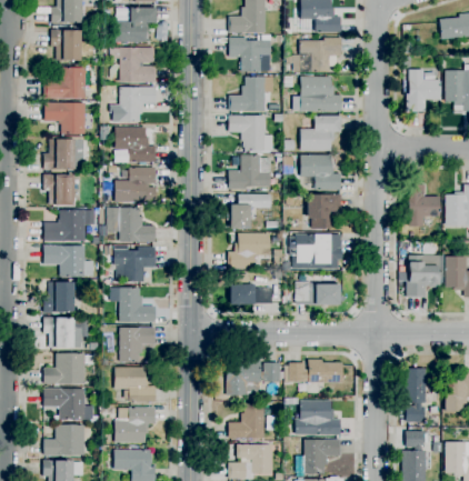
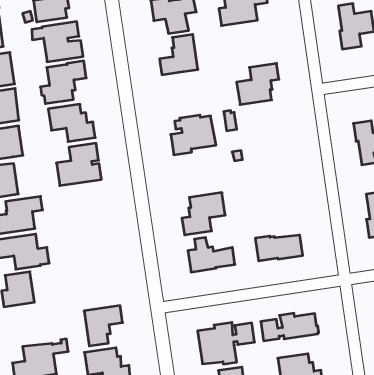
building: [292,77,341,112] -> none
building: [229,116,273,151] -> none
building: [300,156,341,190] -> none
building: [230,194,271,229] -> none
building: [307,194,341,230] -> none
building: [120,208,156,242] -> none
building: [295,234,342,269] -> none
building: [113,248,156,282] -> none
building: [110,288,156,322] -> none
building: [43,318,81,348] -> none

